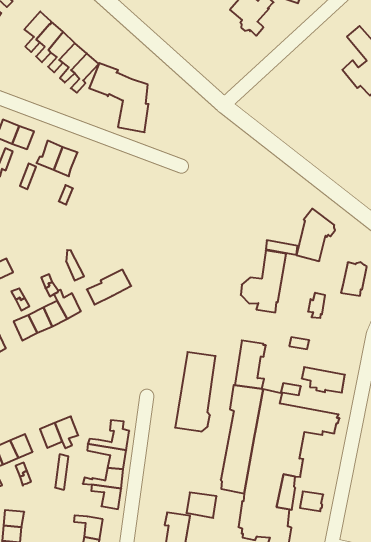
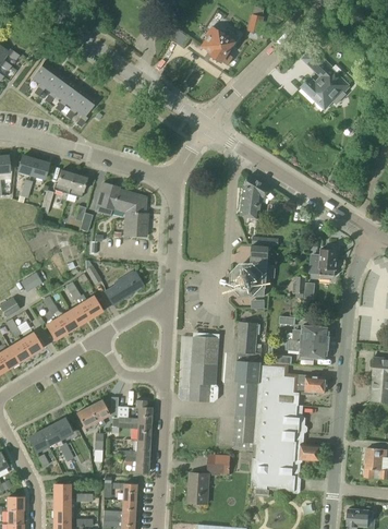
building: [89,63,149,132] -> [96,182,147,237]
building: [296,209,335,261] -> [240,175,270,218]
building: none -> [293,324,329,342]

